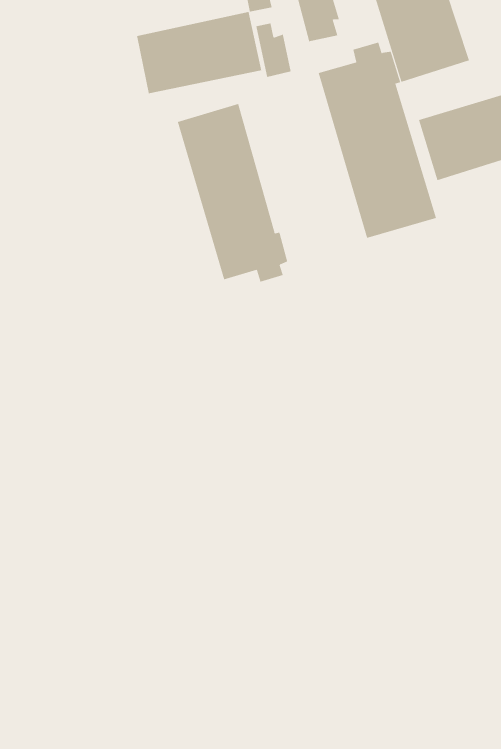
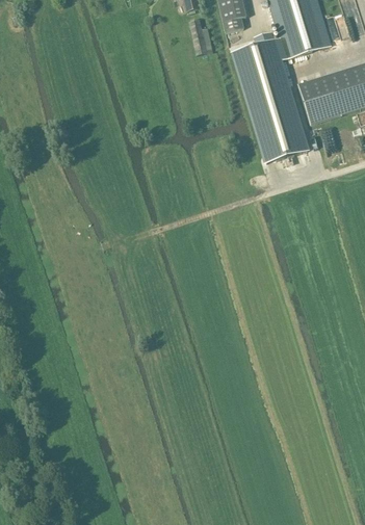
building: [137,11,262,94] -> none
building: [177,103,288,282] -> none

